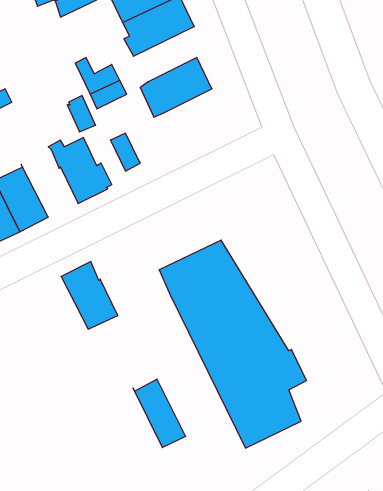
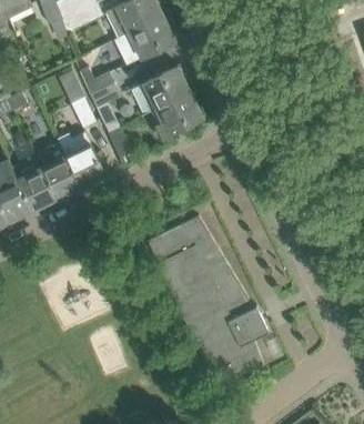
building: none -> [151,91,203,137]
building: [61,261,118,329] -> [34,141,81,196]
building: [133,379,186,448] -> none

